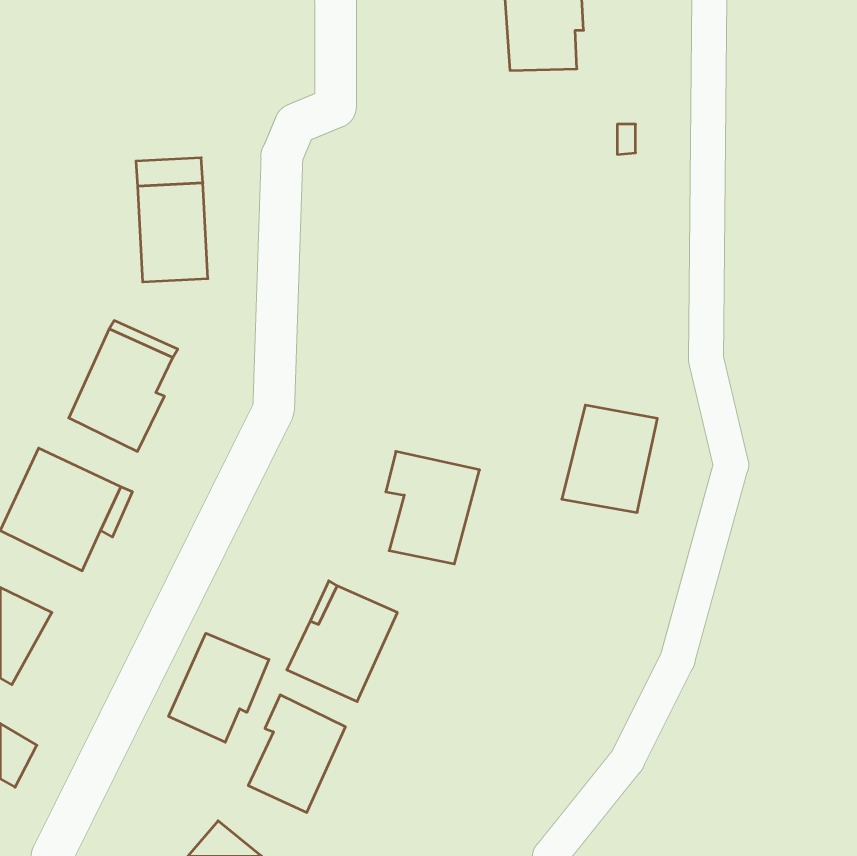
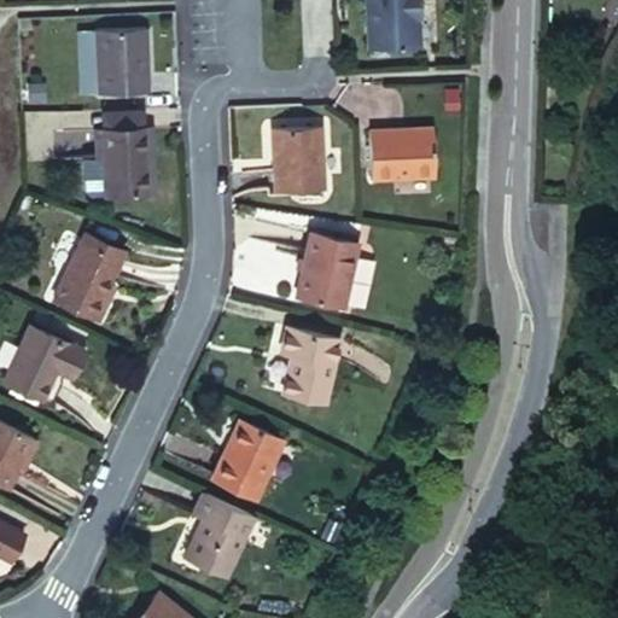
building: none -> [92,27,150,93]
building: none -> [369,123,436,182]
building: none -> [269,124,326,192]
building: [562,405,657,512] -> [292,232,361,309]
building: [169,633,269,742] -> none

